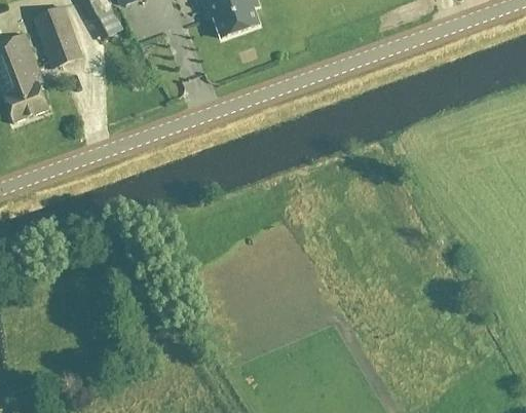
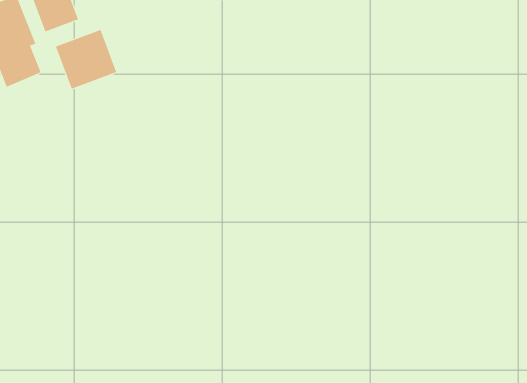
building: none -> [55,29,117,89]

